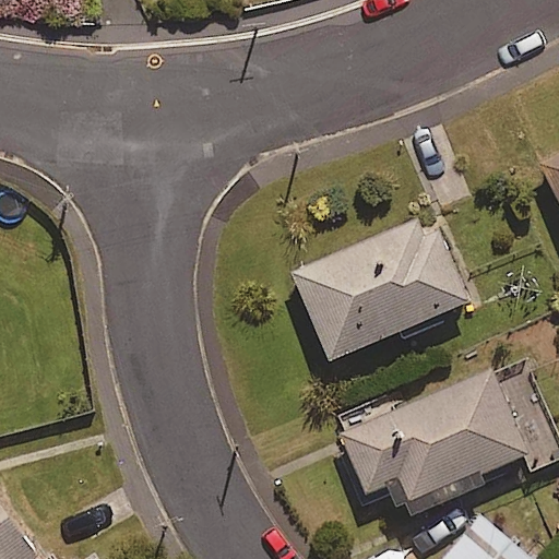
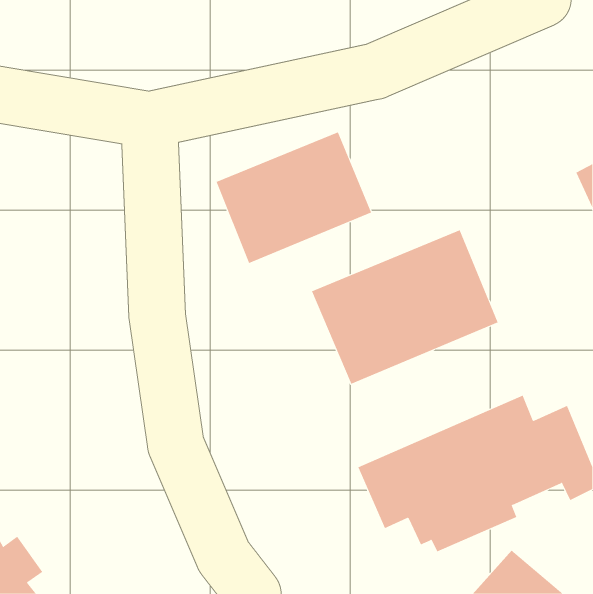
building: none -> [216,131,372,264]

